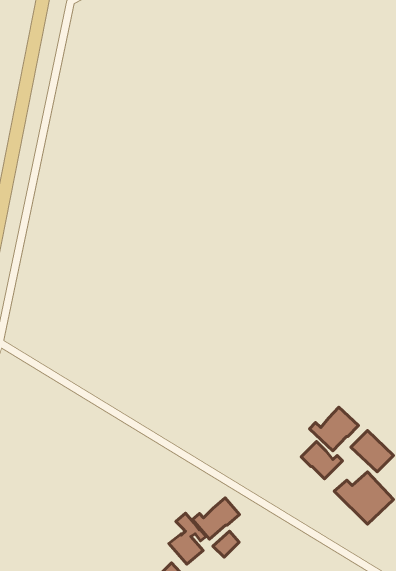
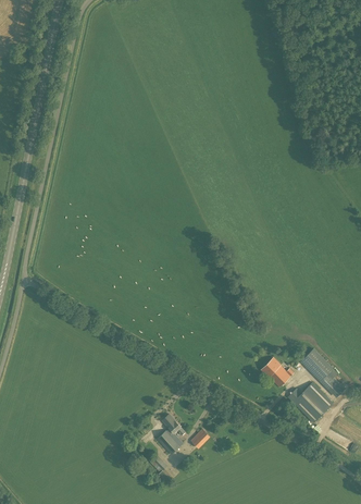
building: [310,407,358,451] -> none
building: [193,498,239,539] -> none

